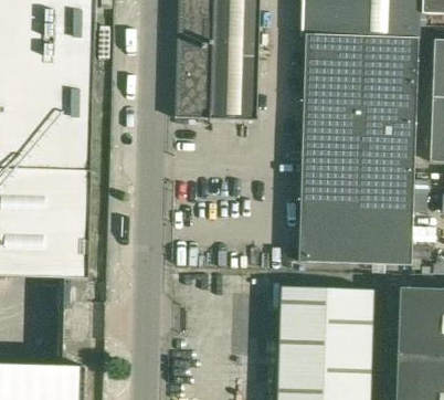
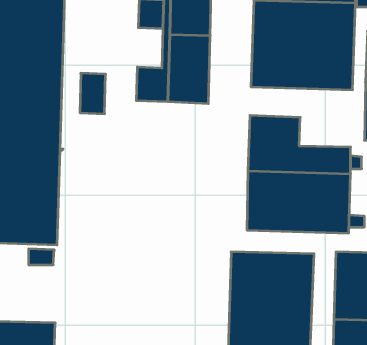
building: [177,35,205,81] -> [80,73,106,114]
building: [303,102,417,169] -> none

